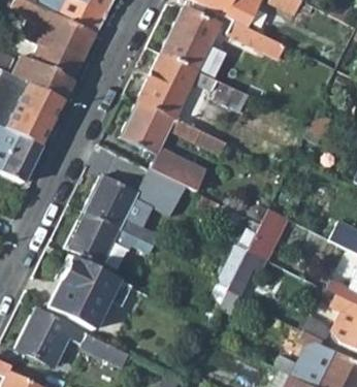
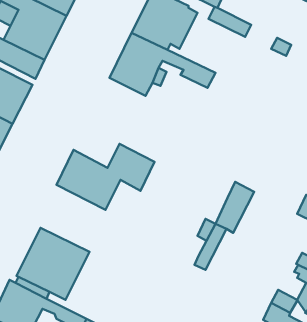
building: [121,99,206,191] -> none
building: [66,209,155,264] -> none

